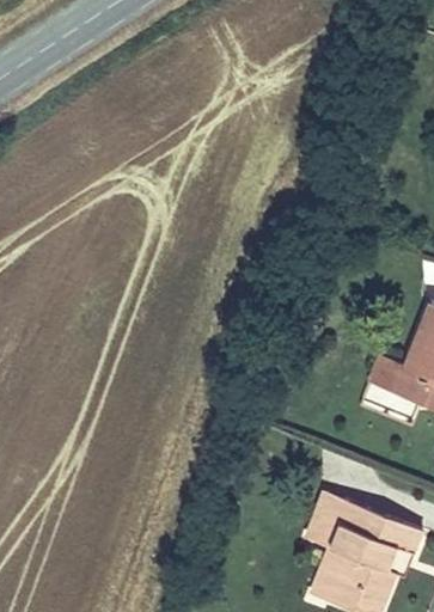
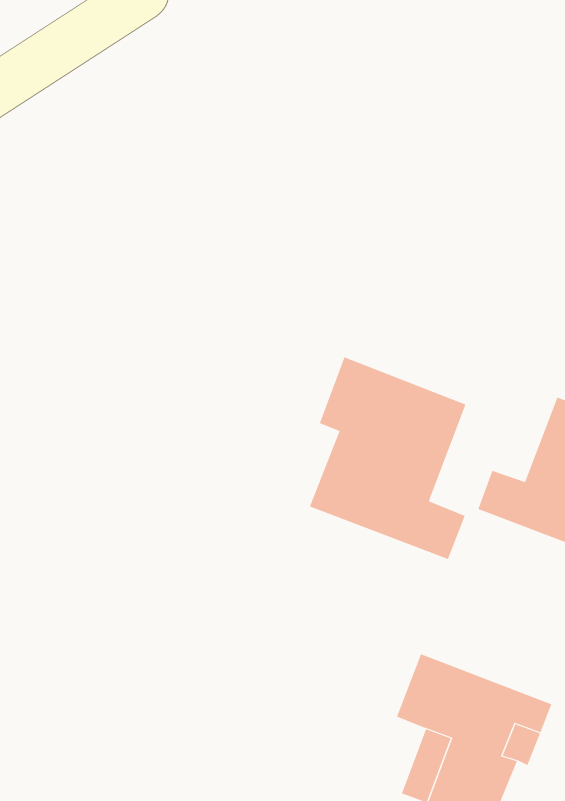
building: none -> [309,356,466,560]

